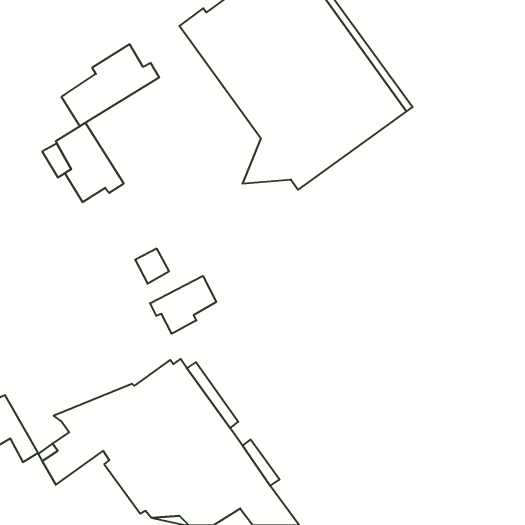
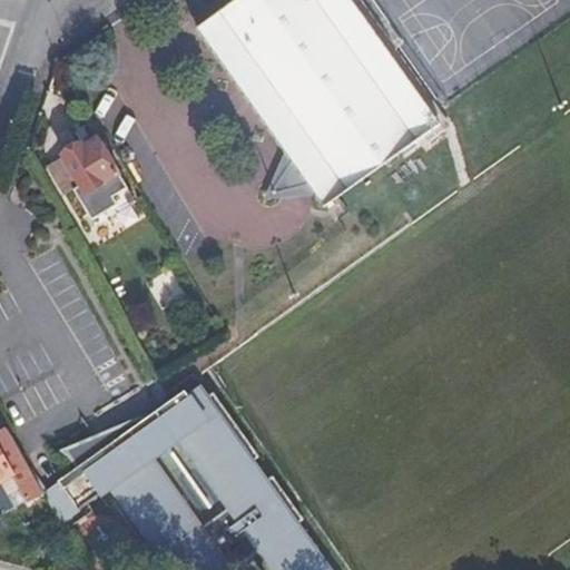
building: [62,44,159,126] -> none
building: [150,276,216,334] -> none

